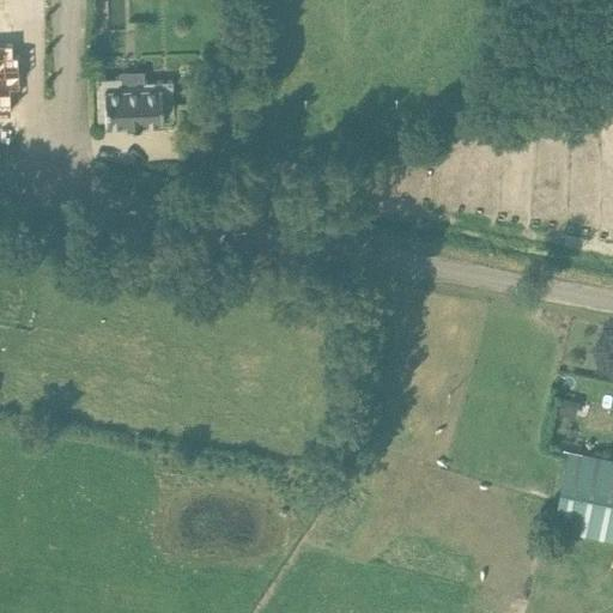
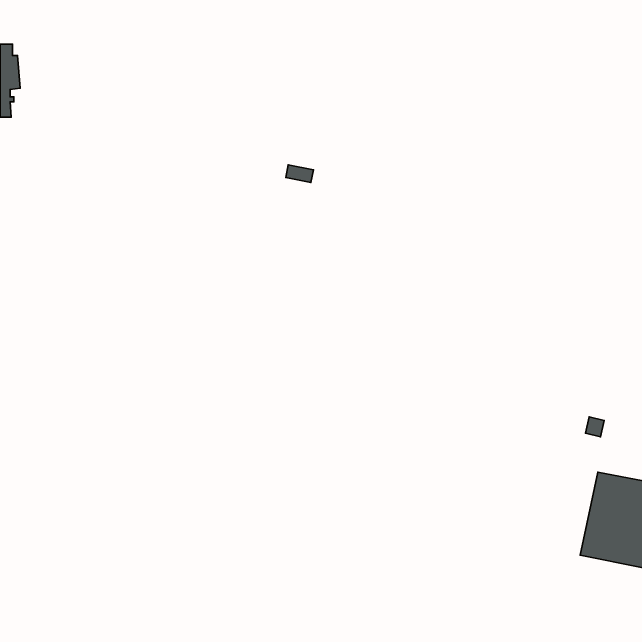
building: [97,78,174,127] -> none

